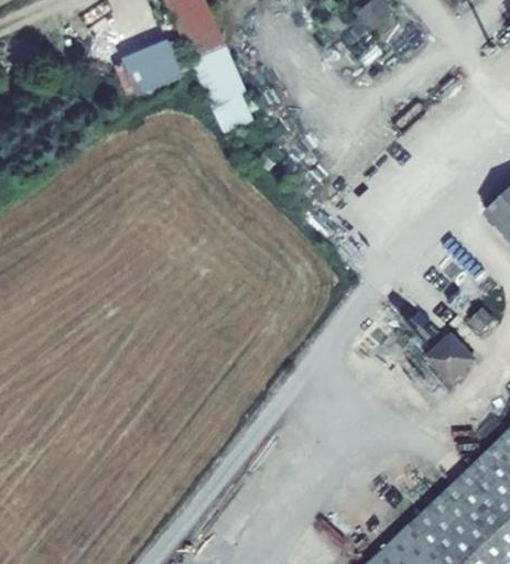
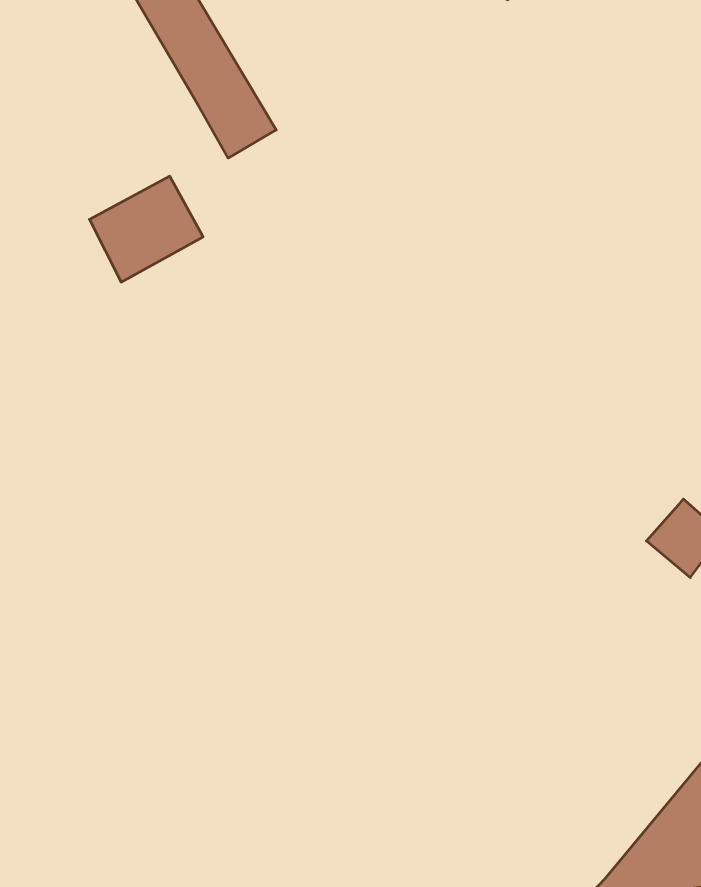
building: [117,39,182,97] -> [89,176,203,282]
building: [211,94,254,137] -> none

